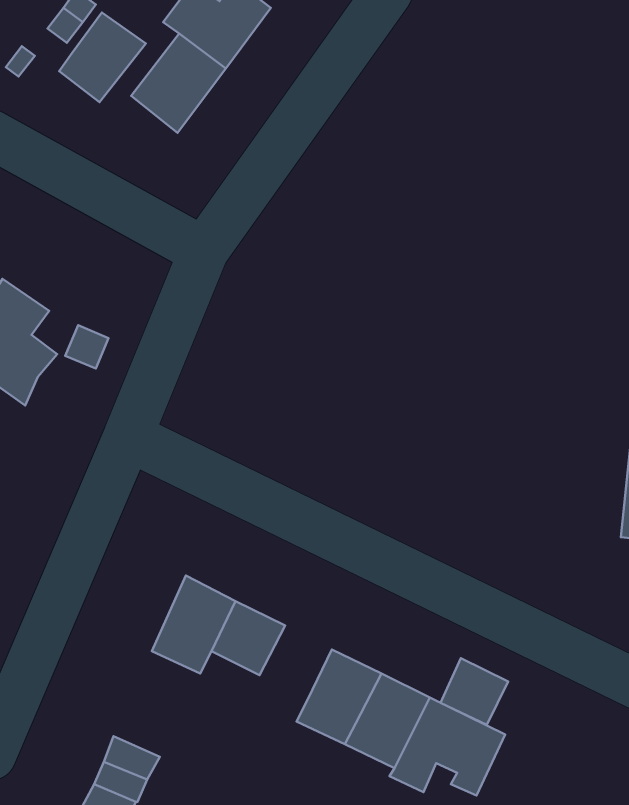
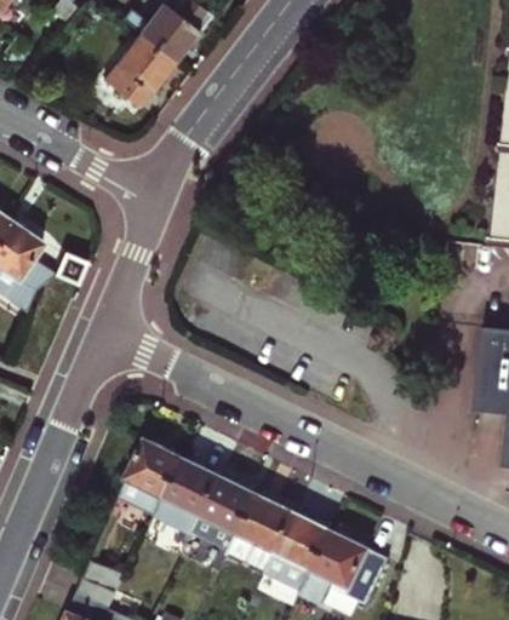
building: [59,13,146,102] -> none
building: none -> [198,477,259,550]
building: [441,658,508,725] -> none

